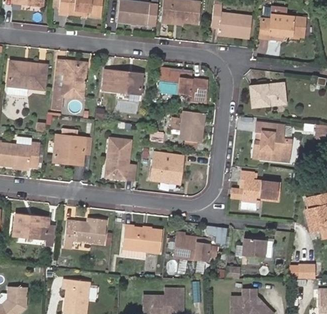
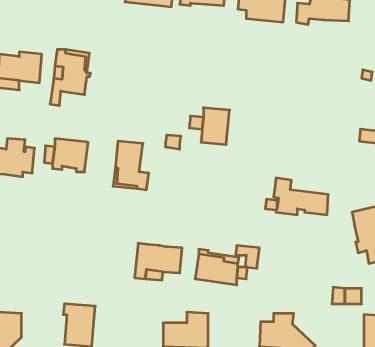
building: [157,68,206,98] -> none
building: [102,70,141,93] -> none
building: [251,82,287,106] -> none
building: [253,122,291,160] -> none
building: [150,152,183,183] -> none
building: [14,212,48,244] -> none
building: [65,215,108,246] -> none
building: [244,236,267,255] -> none

